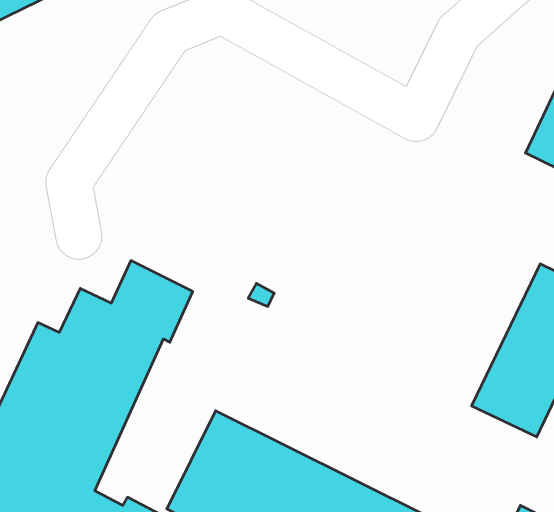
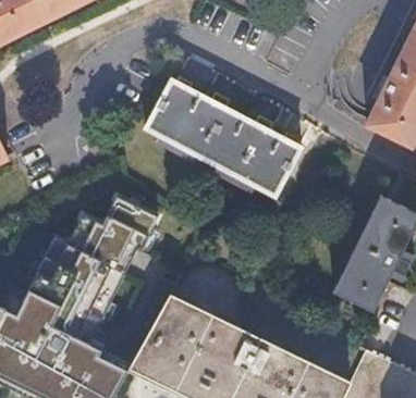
building: none -> [146,80,301,198]

